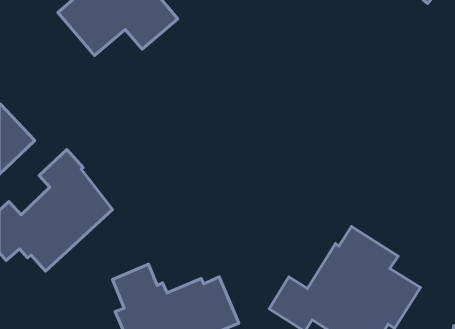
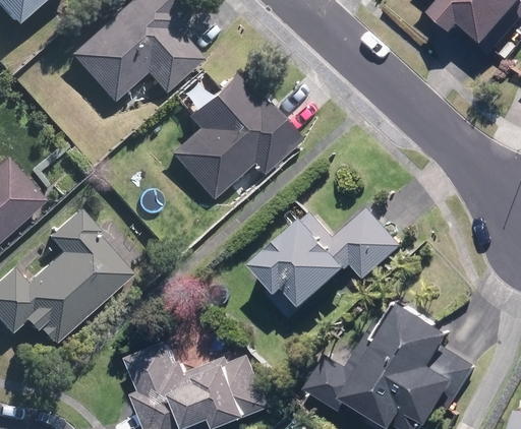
building: none -> [166,74,300,201]
building: none -> [253,206,404,307]

